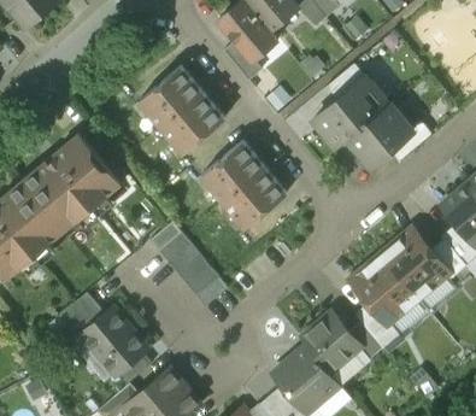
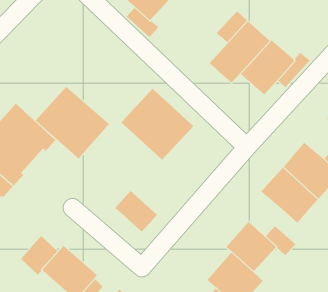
building: [136,65,223,153] -> [35,86,110,159]
building: [149,223,199,274] -> none
building: [355,301,400,348] -> none

